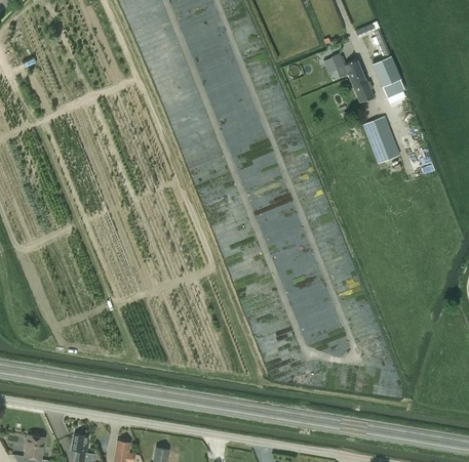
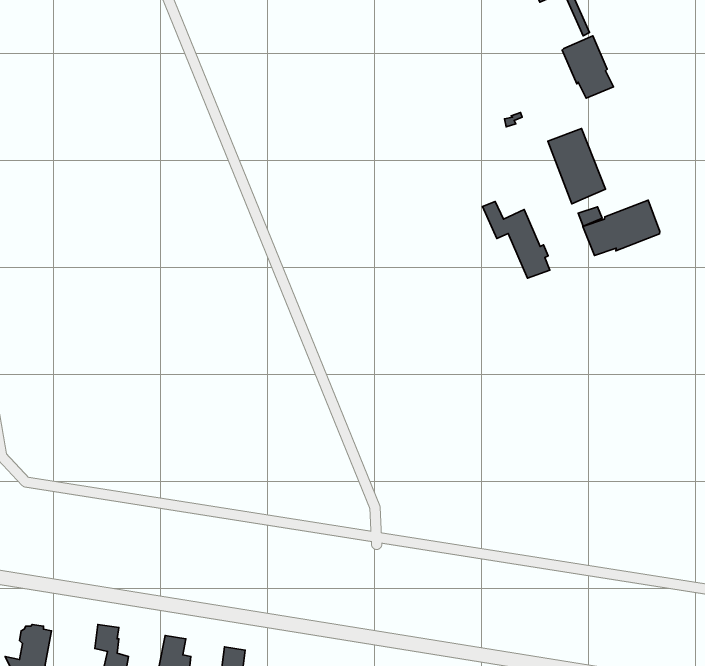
building: [330,53,374,102] -> [483,202,550,278]
building: none -> [583,200,660,255]

